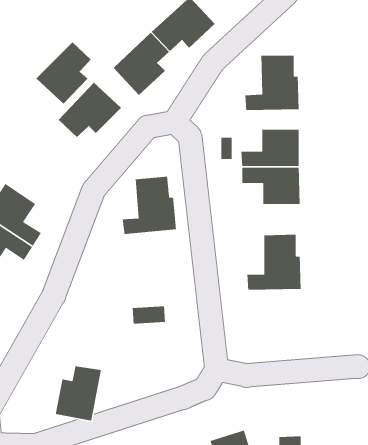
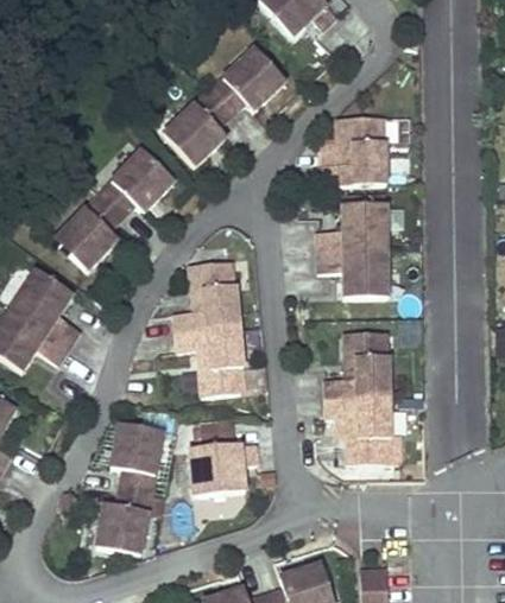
building: [36,42,92,105] -> [55,195,121,269]
building: none -> [177,325,244,395]
building: none -> [324,396,389,463]
building: none -> [111,423,162,491]
building: none -> [189,445,257,495]

